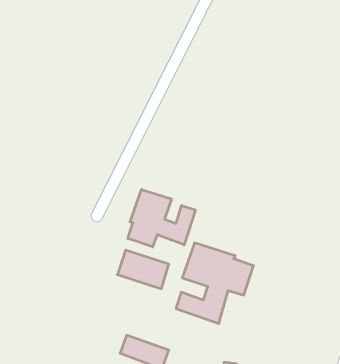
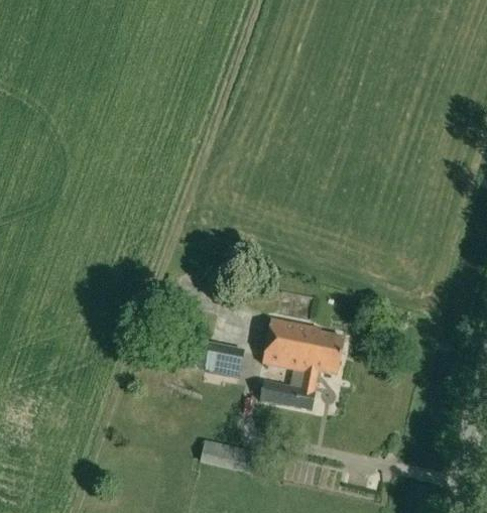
building: [128,189,195,247] -> none

